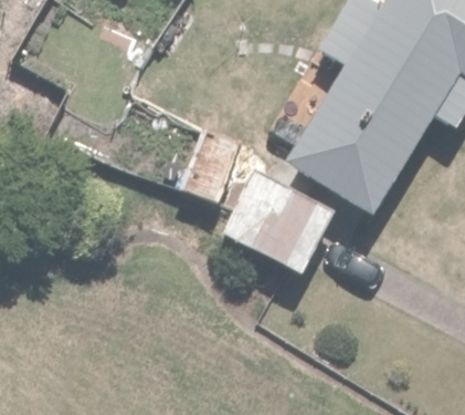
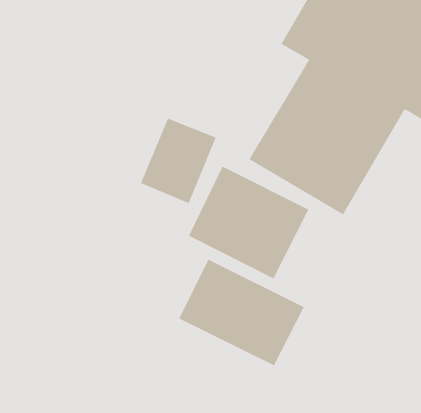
building: none -> [179,259,304,366]

